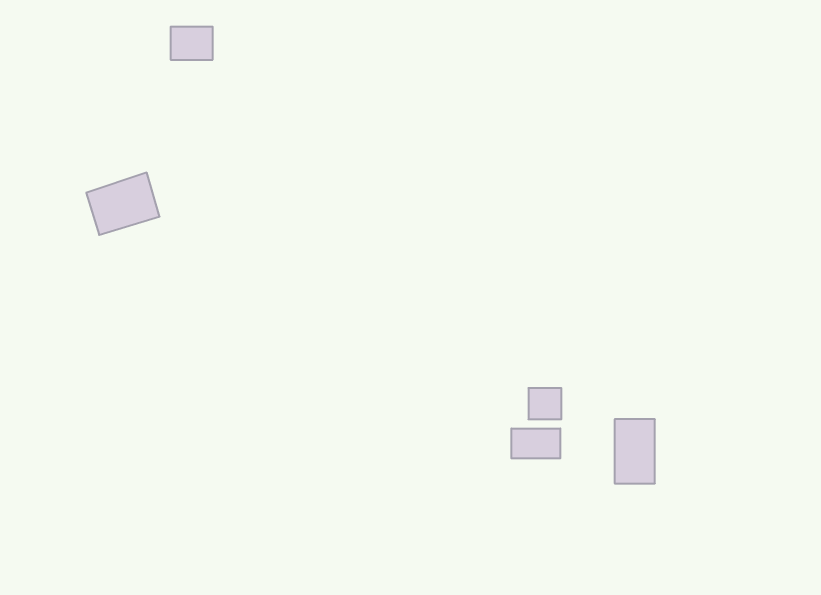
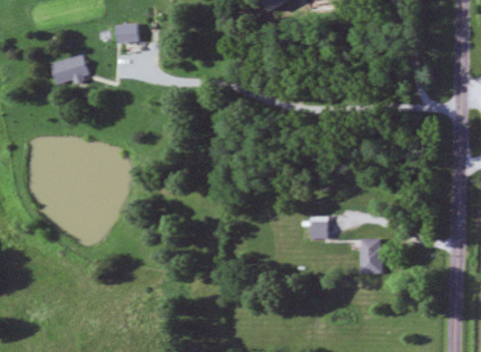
building: [86,173,160,235] -> [49,52,89,86]
building: [511,428,560,458] -> none

